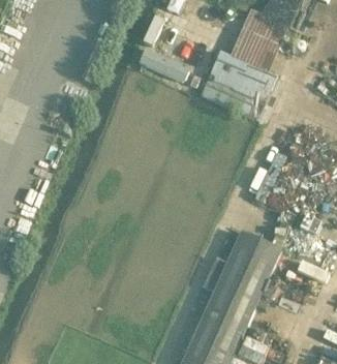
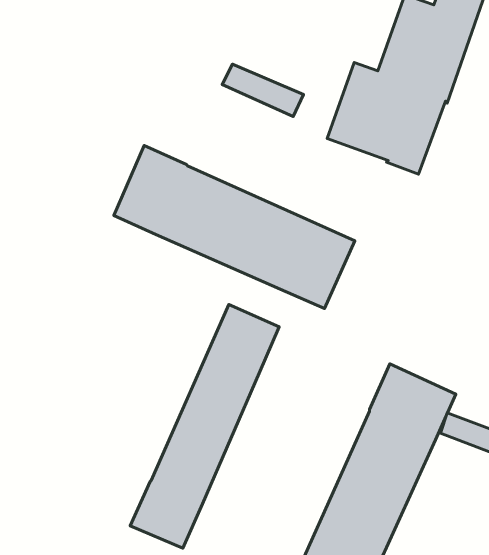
building: none -> [114,145,355,308]
building: none -> [130,304,279,548]

